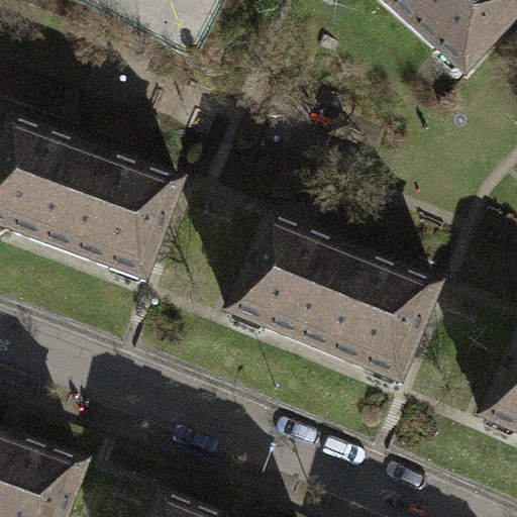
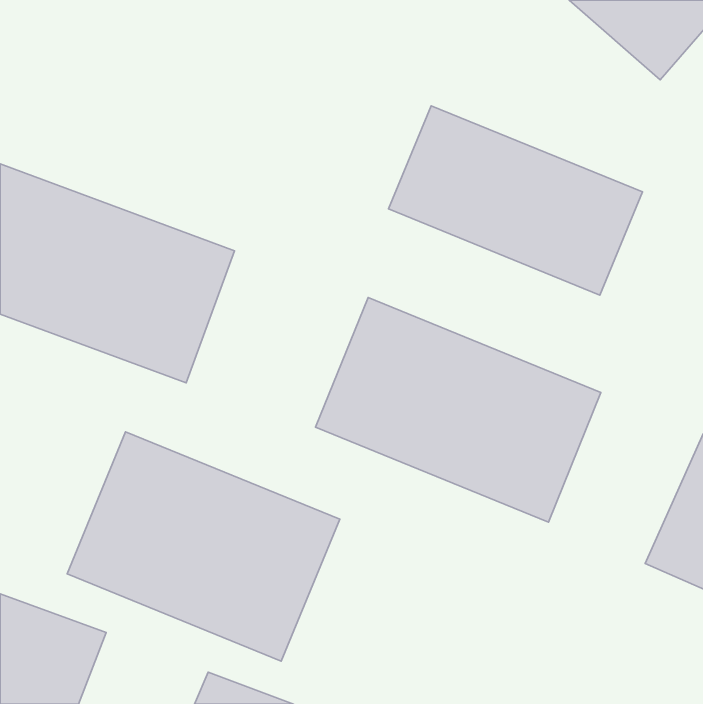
building: none -> [389,106,643,295]
building: none -> [67,432,340,661]

